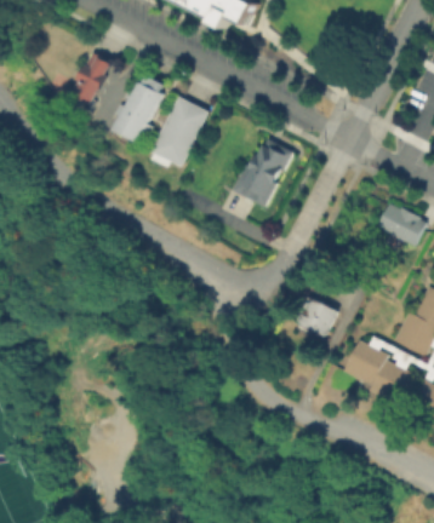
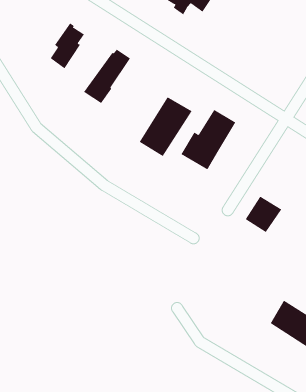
building: [149,96,207,165] -> [139,96,192,157]
building: [299,300,341,341] -> [245,196,282,233]

